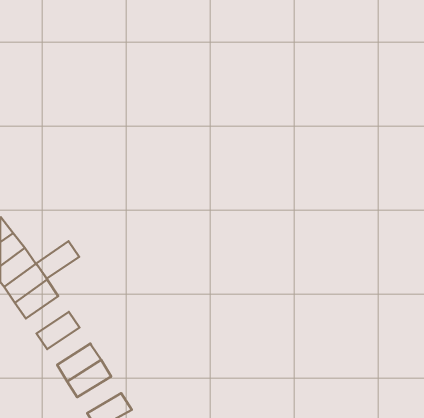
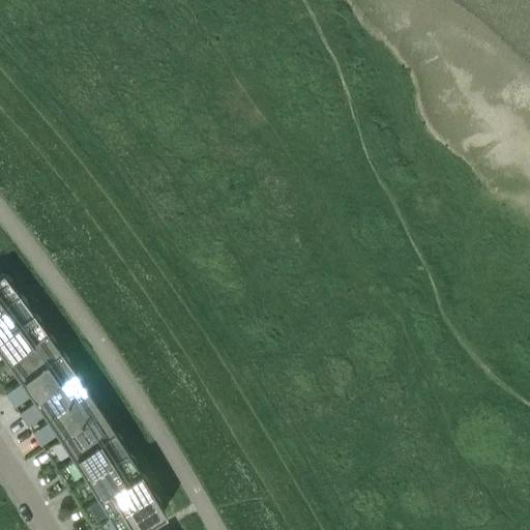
building: [36,241,79,278] -> [32,377,86,423]
building: none -> [59,416,113,463]
building: none -> [96,477,151,523]

